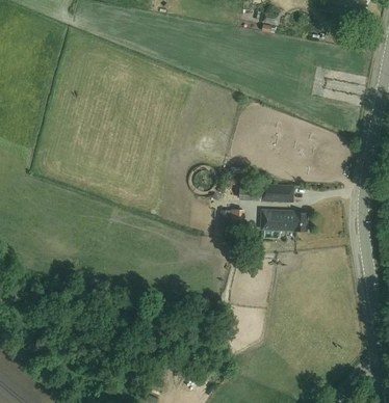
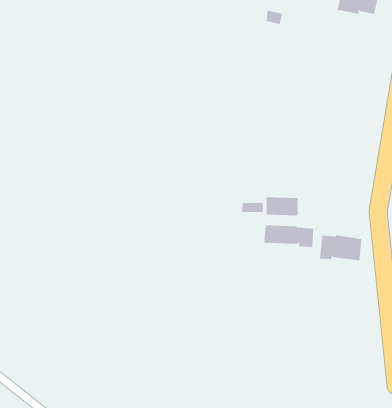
building: none -> [320,235,362,261]

